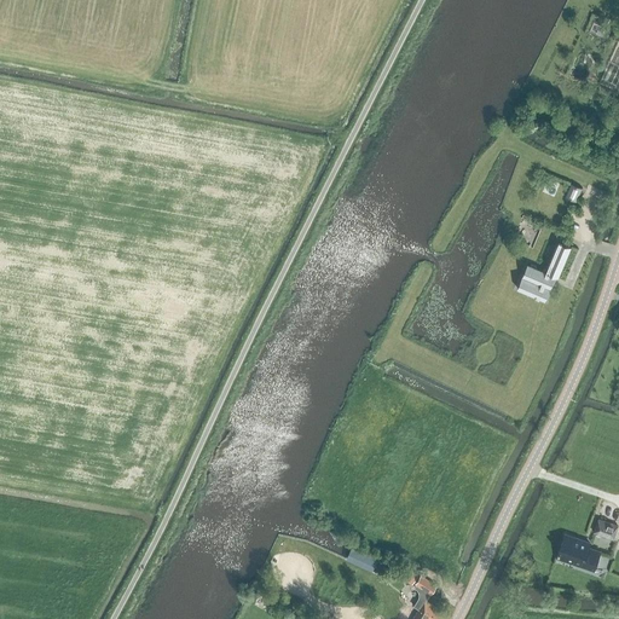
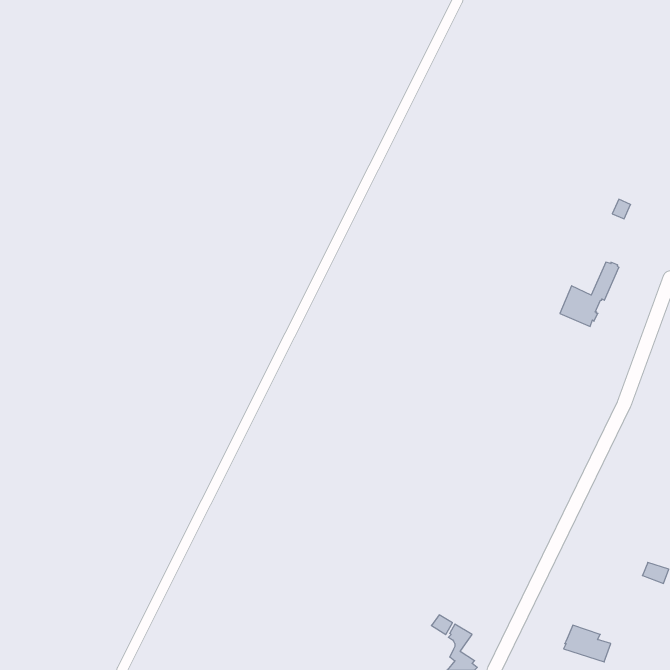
building: [556,536,600,569] -> [564,625,611,662]

